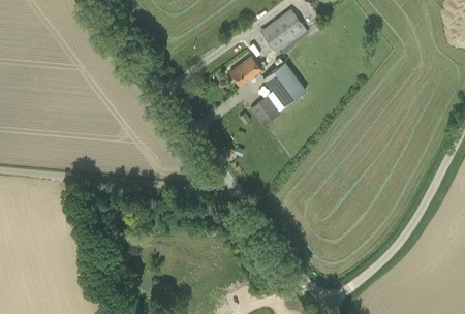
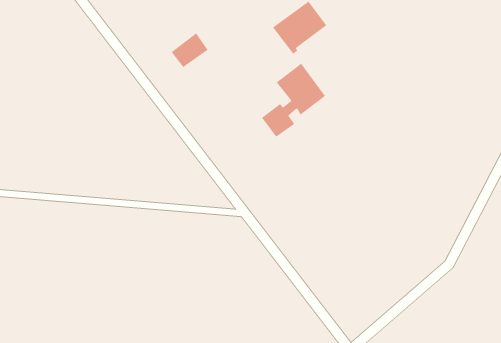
building: [228,56,260,86] -> [171,33,209,68]

